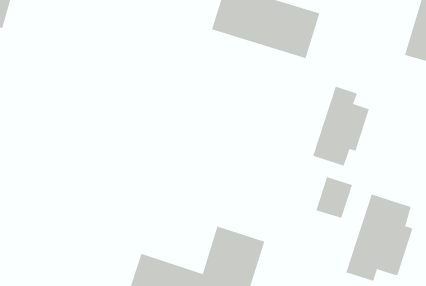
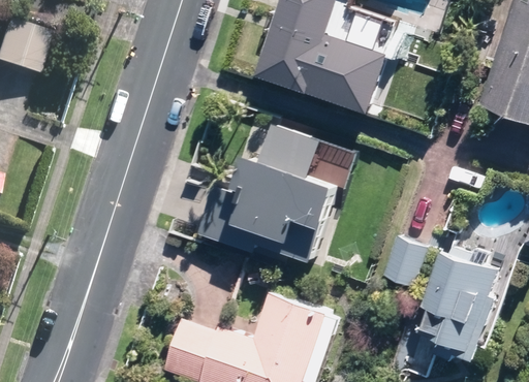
building: none -> [204,132,336,252]
building: [313,86,370,167] -> none

